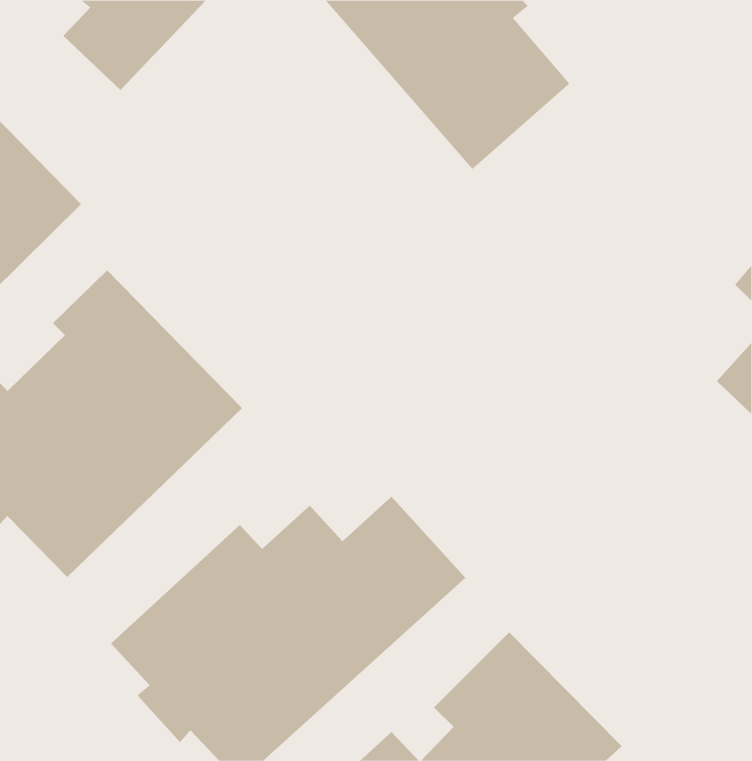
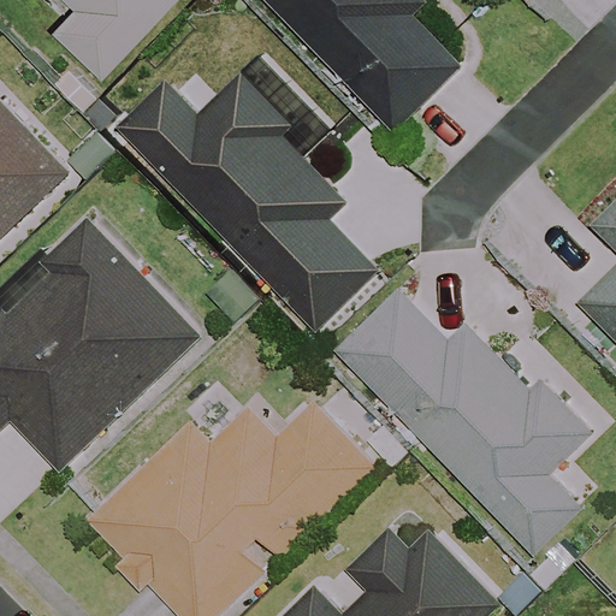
building: none -> [122,71,375,333]
building: none -> [339,294,598,556]

